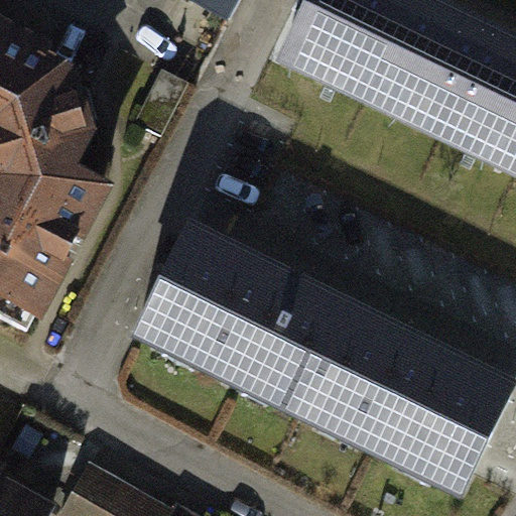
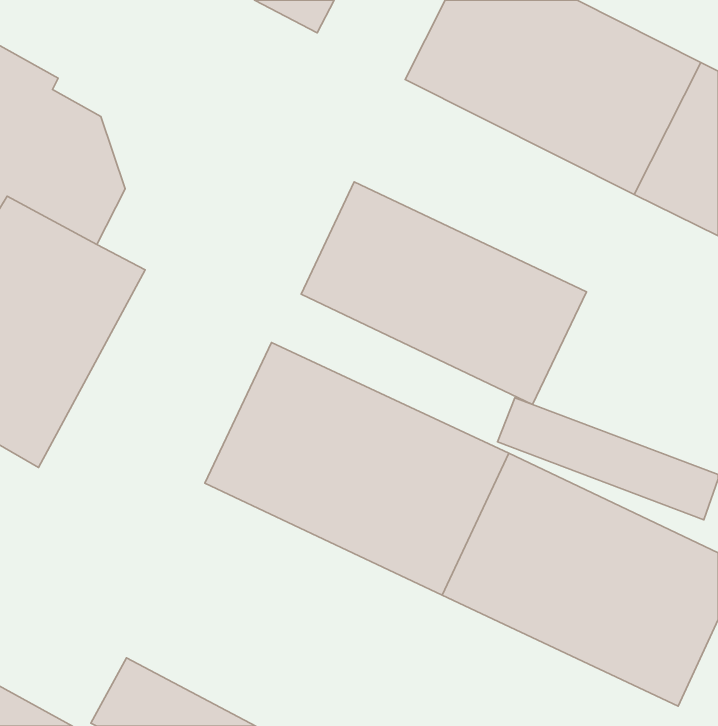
building: none -> [301,182,586,405]

